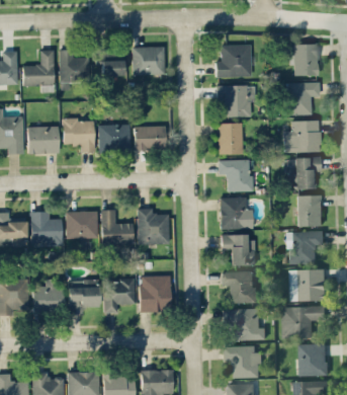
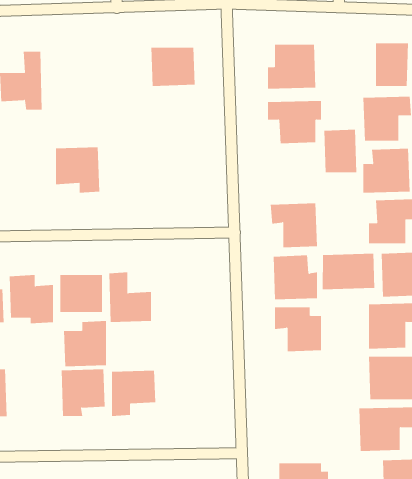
building: [59,50,88,82] -> none
building: [96,53,123,75] -> none
building: [218,123,242,154] -> [324,129,357,173]
building: [98,124,129,152] -> none
building: [27,126,59,153] -> none
building: [134,126,165,150] -> none
building: none -> [322,253,375,290]
building: [137,208,169,244] -> none
building: [222,271,255,304] -> none
building: [140,275,171,311] -> none
building: [31,279,63,312] -> [63,321,107,367]
building: [223,308,265,340] -> none

